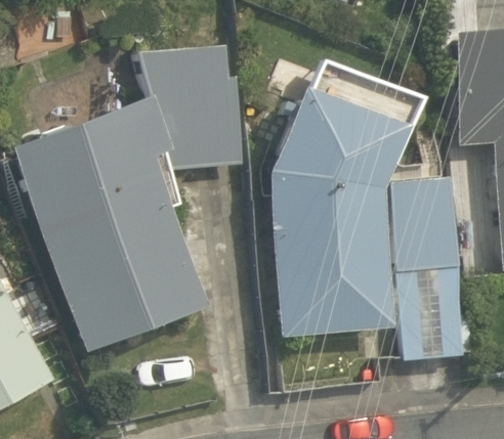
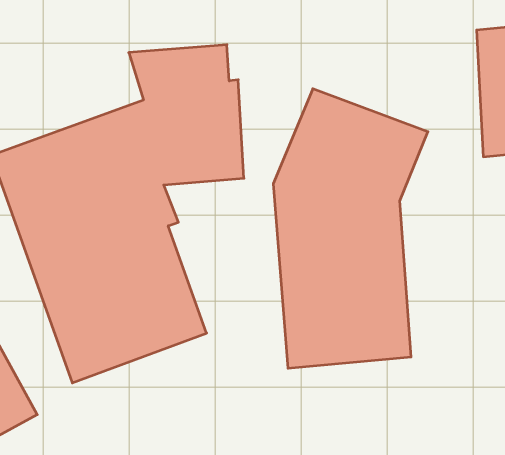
building: [389,178,465,362] -> none

